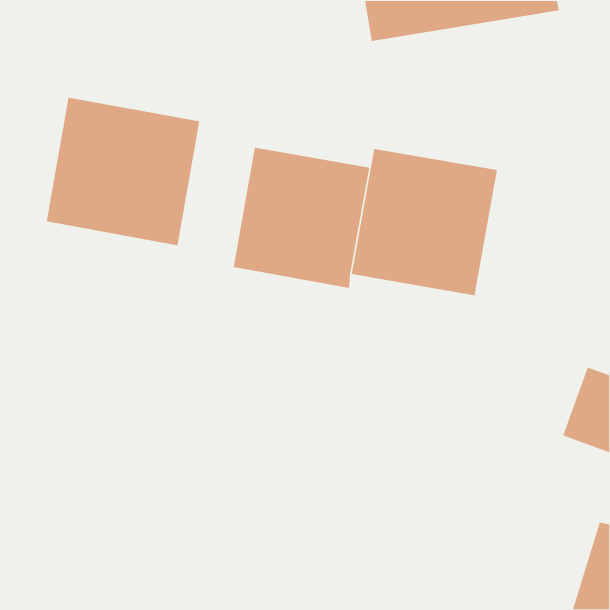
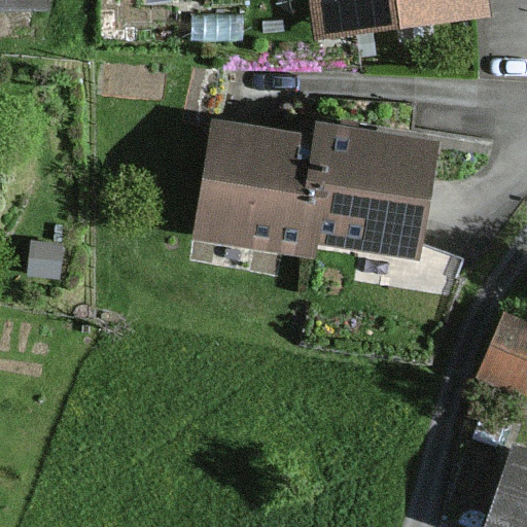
building: [46,97,200,246] -> none

